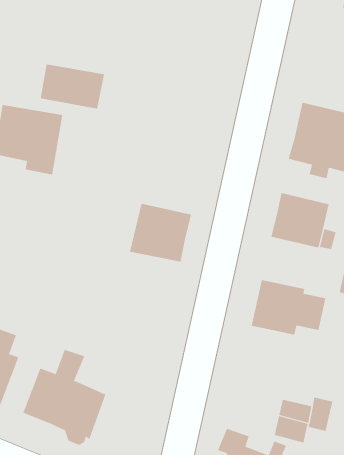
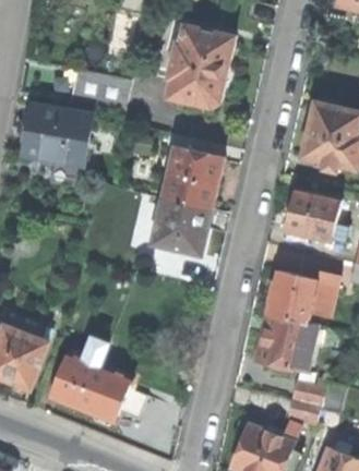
building: none -> [168,25,235,107]
building: none -> [163,147,222,209]
building: none -> [256,314,318,376]

